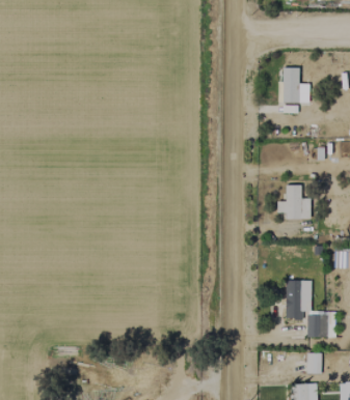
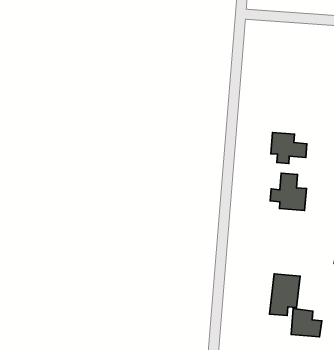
building: [278,67,309,103] -> none
building: none -> [271,133,307,163]

